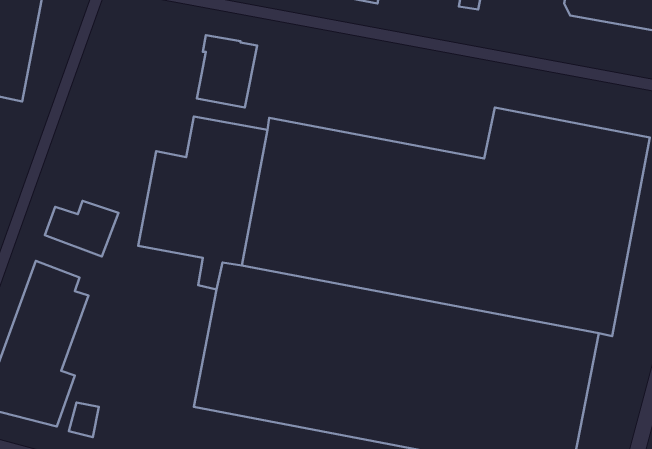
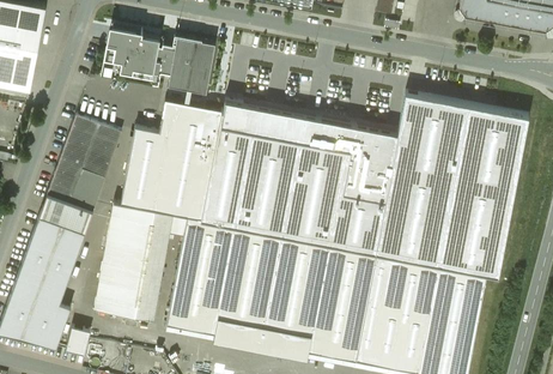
building: none -> [105,29,175,78]
building: none -> [55,114,122,177]
building: none -> [40,194,92,231]
building: none -> [93,201,172,321]

